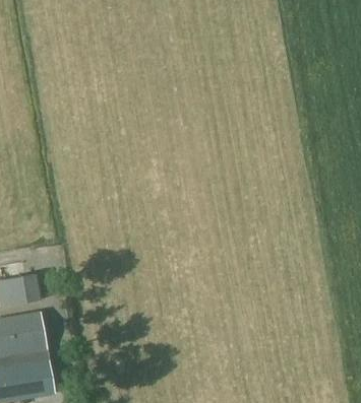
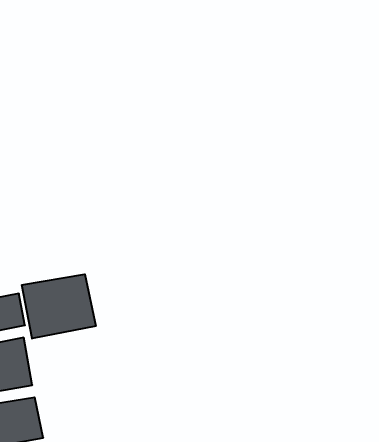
building: none -> [22,274,96,339]

